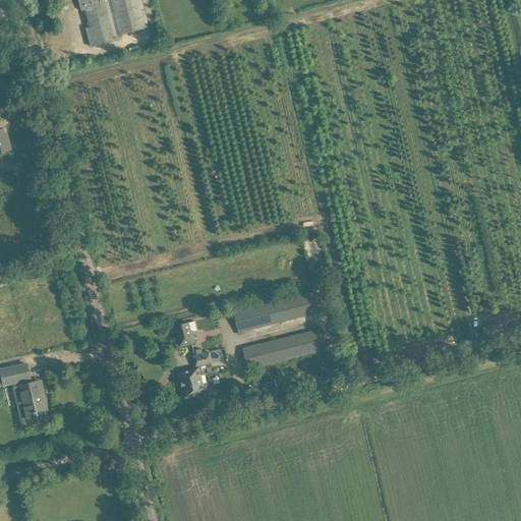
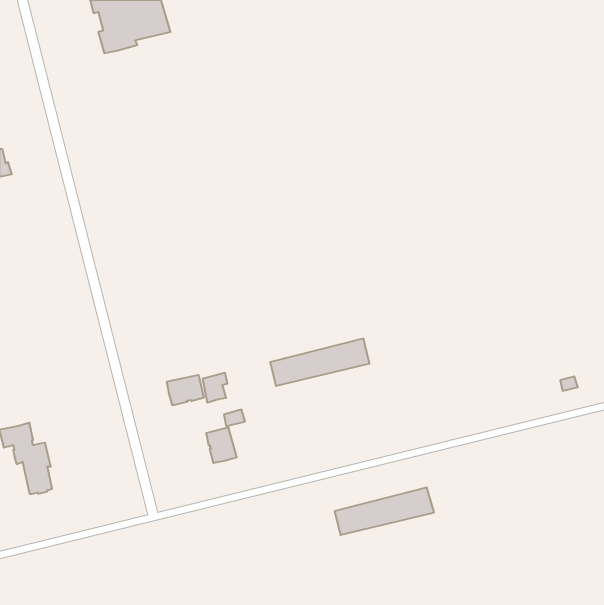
building: none -> [167,375,204,405]
building: [241,328,327,368] -> [335,488,434,535]

